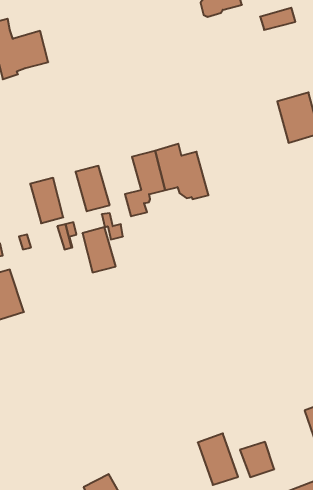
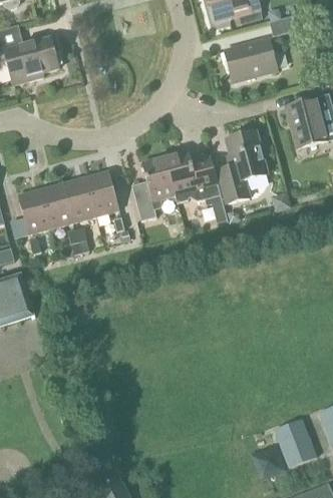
building: none -> [225,38,278,81]
building: none -> [219,130,267,202]
building: none -> [18,188,52,233]
building: [82,227,116,272] -> [64,176,97,221]
building: [198,433,238,485] -> [273,420,313,471]

